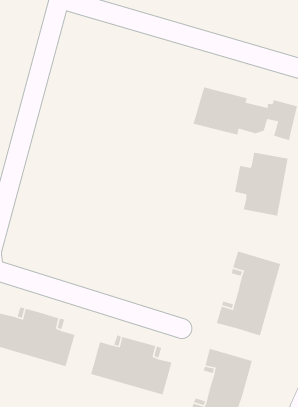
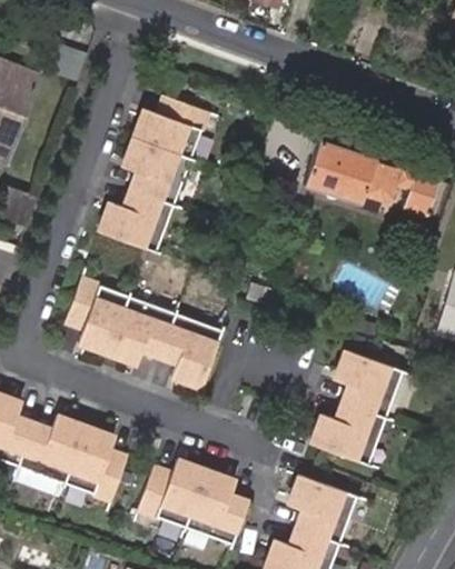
building: none -> [97,94,206,252]
building: [234,152,288,216] -> none
building: none -> [66,283,222,393]

